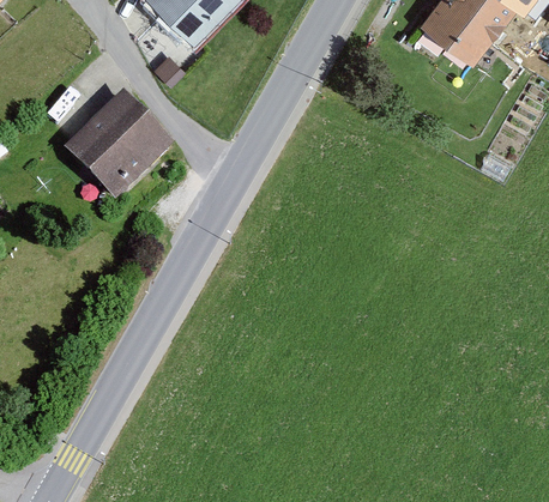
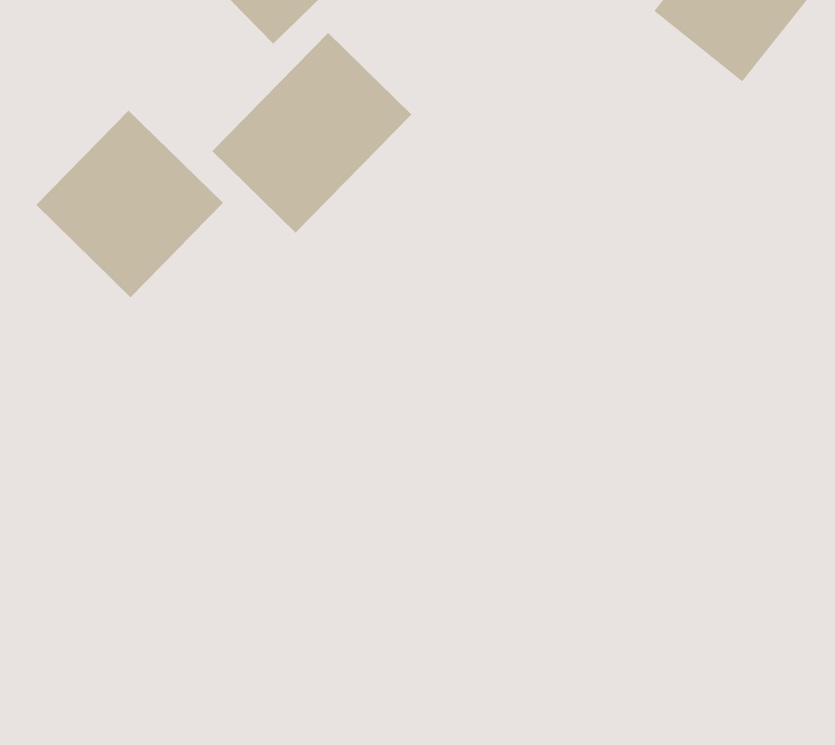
building: none -> [212,32,412,234]

